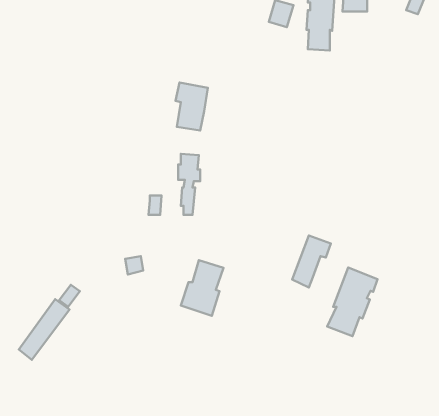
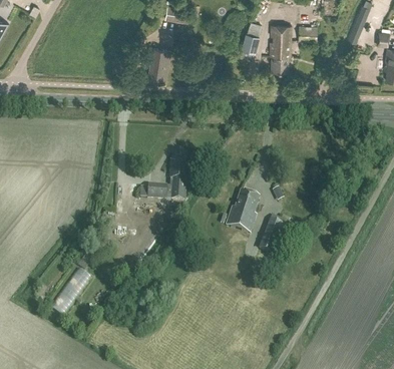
building: [176,83,208,131] -> [146,47,171,84]
building: [181,260,224,316] -> [227,191,260,234]
building: [327,267,378,336] -> none

